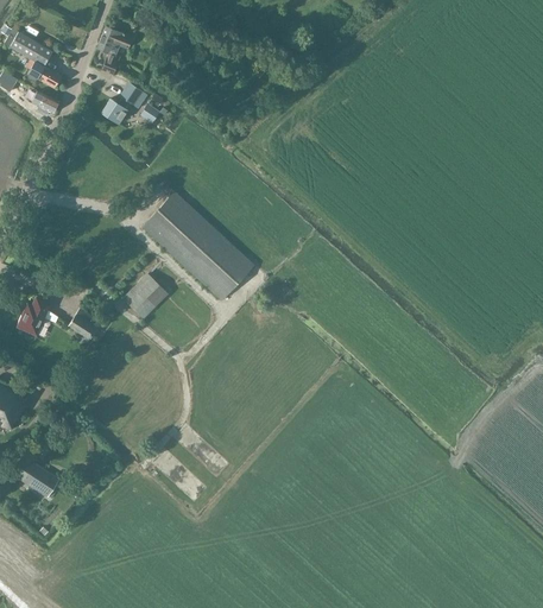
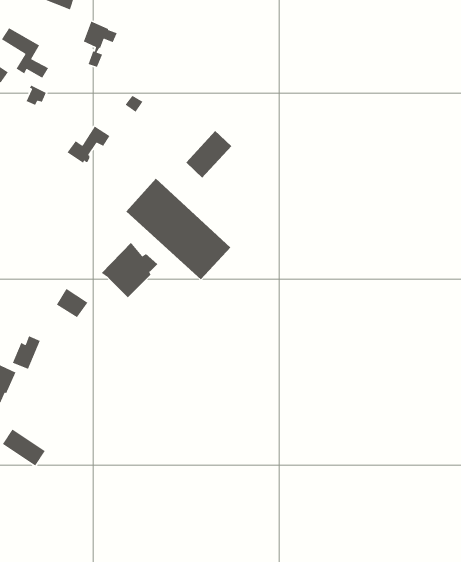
building: [101,83,147,124] -> [67,126,110,164]
building: none -> [185,130,232,178]
building: [18,297,49,334] -> [12,335,41,370]

